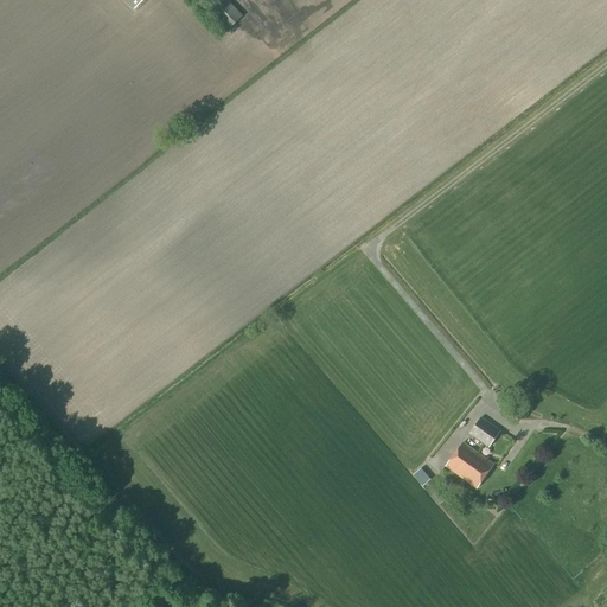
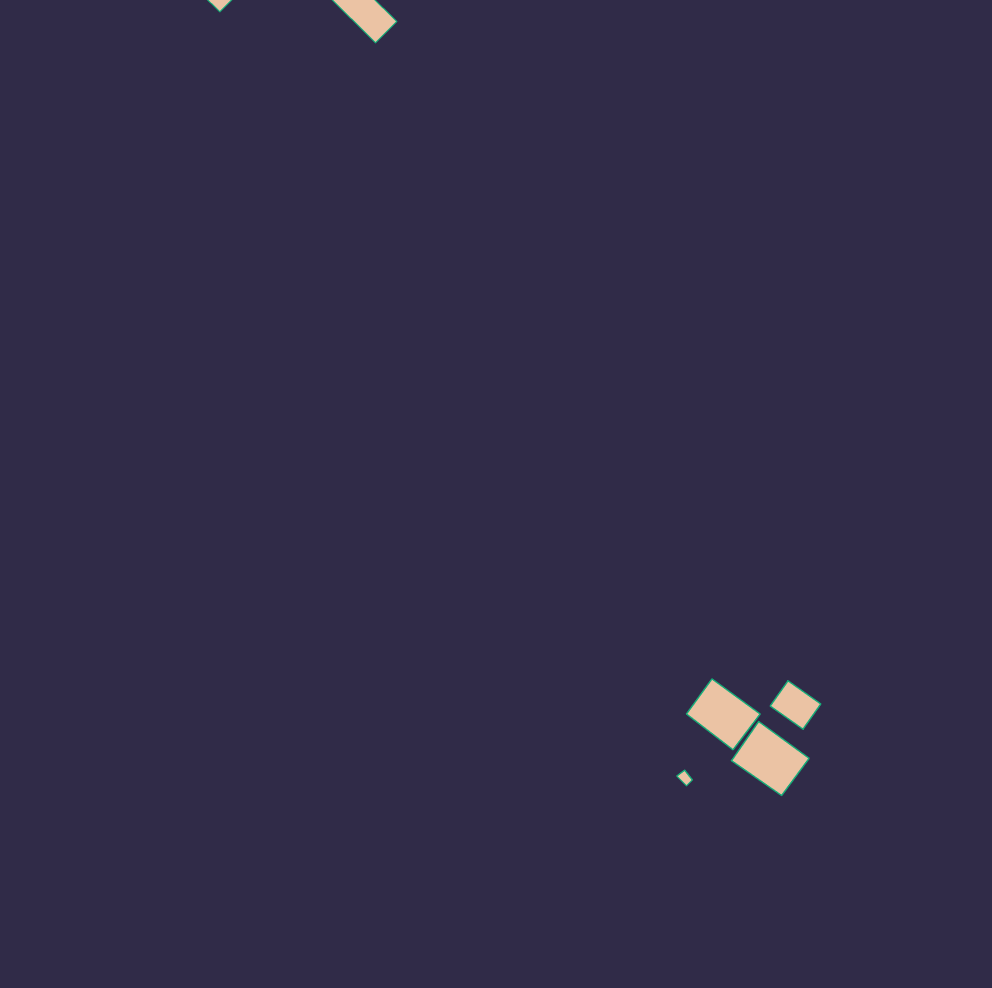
building: none -> [687,679,760,750]

